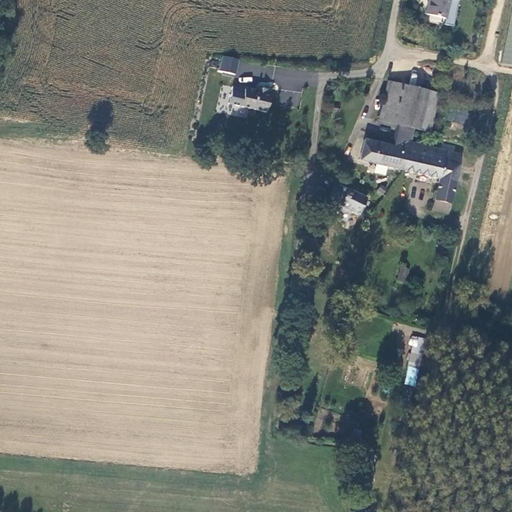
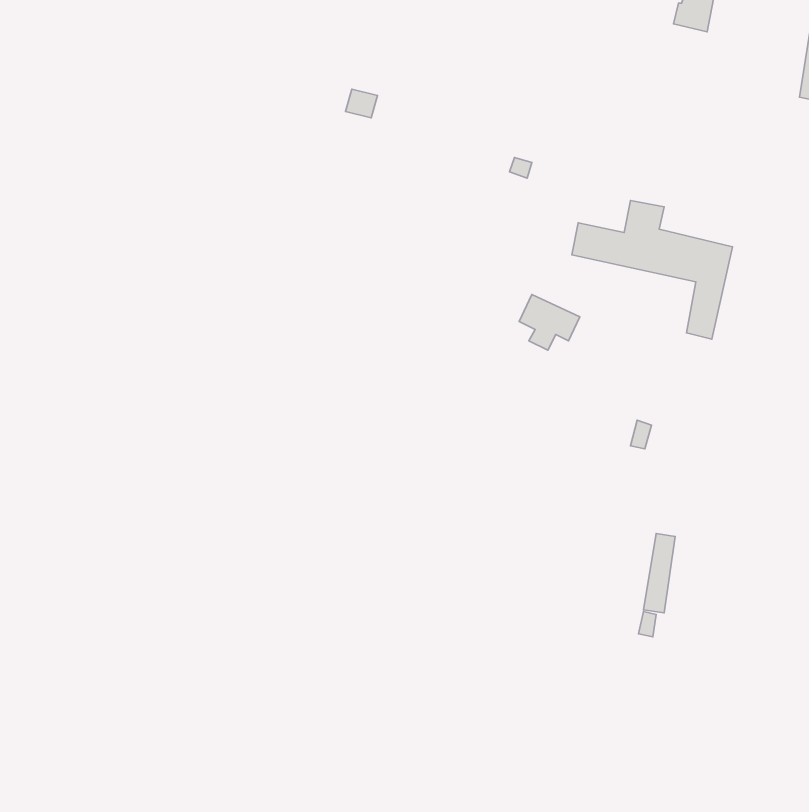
building: [378,81,431,131] -> none
building: [230,85,272,112] -> none

